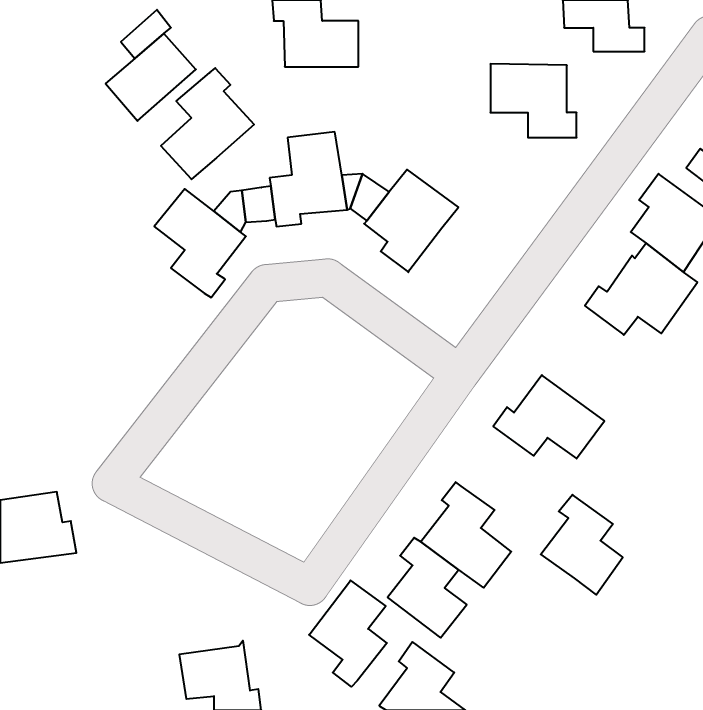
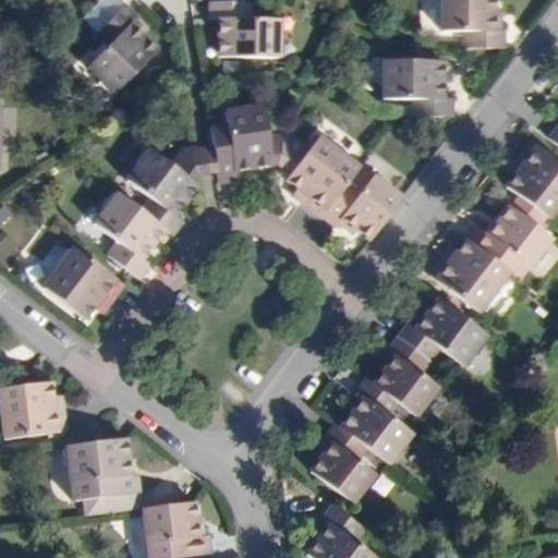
building: [161,68,254,179] -> none
building: none -> [327,173,409,234]
building: none -> [93,192,166,278]
building: none -> [422,236,501,307]
building: none -> [38,246,122,320]
building: [541,495,623,595] -> [367,335,432,413]
building: none -> [65,442,142,521]
building: [309,580,387,687] -> none

